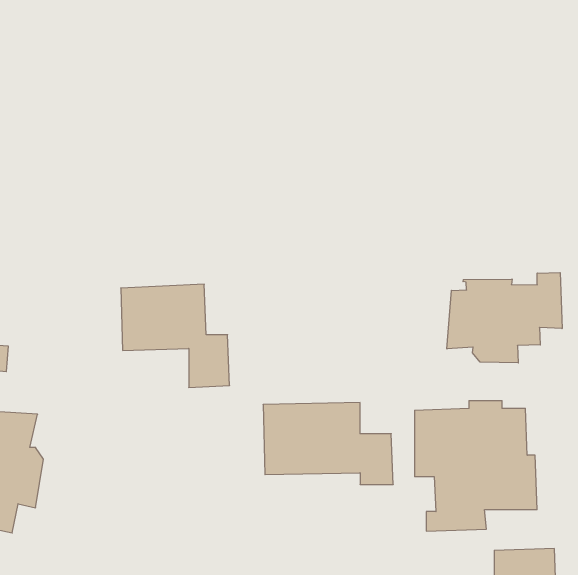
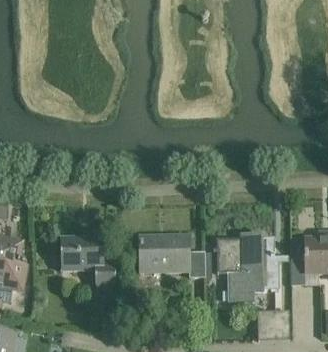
building: [447,273,562,363] -> none
building: [121,284,230,387] -> [60,236,116,289]

